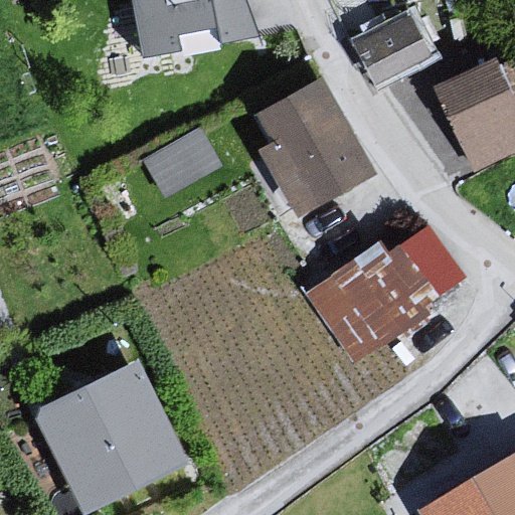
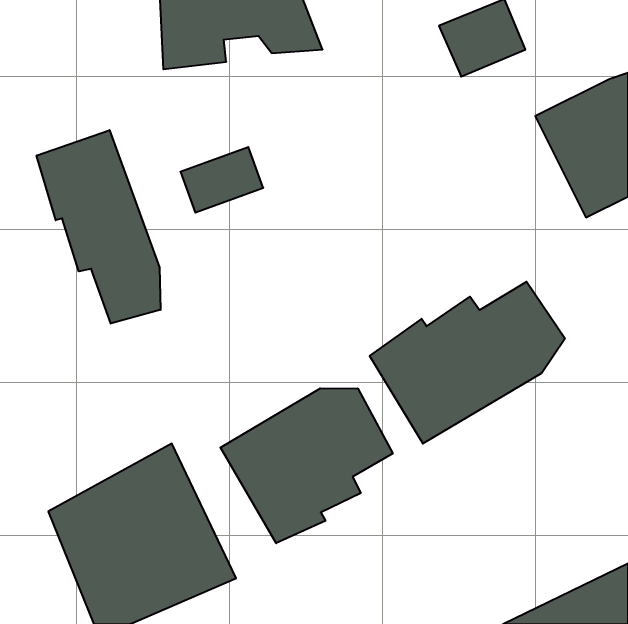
building: [258,82,379,212] -> none
building: none -> [37,130,161,324]
building: none -> [220,388,393,543]

